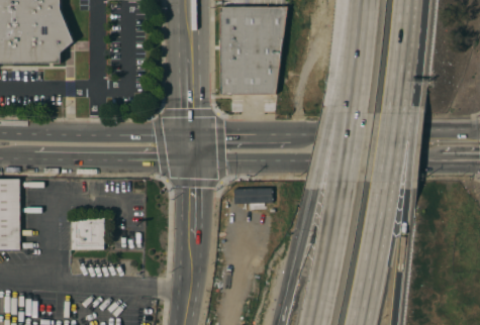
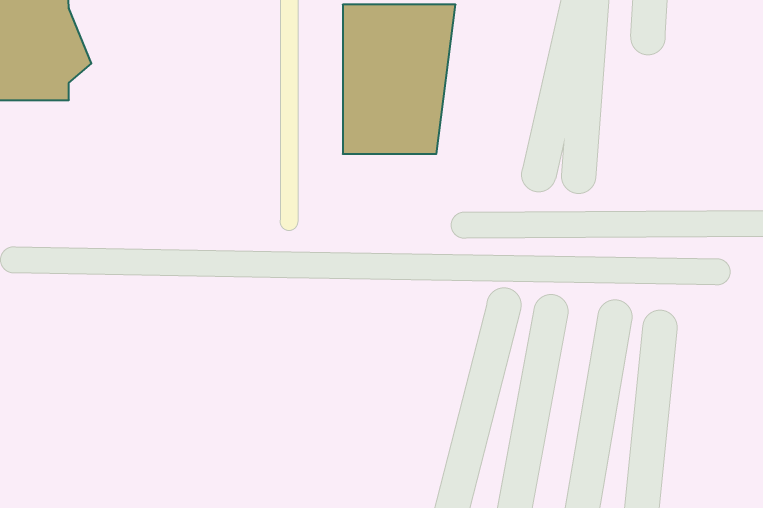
building: [232,188,270,203] -> none
building: [71,218,103,249] -> none

